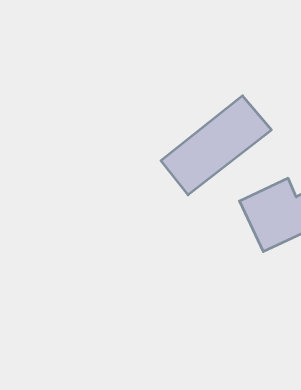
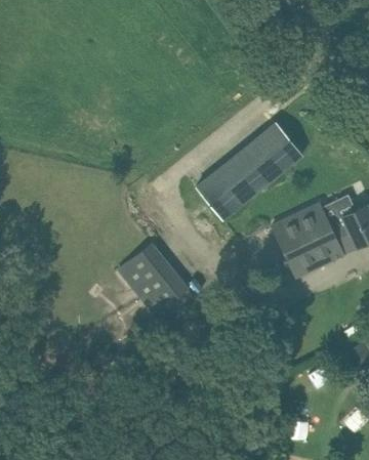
building: none -> [117,243,188,315]

